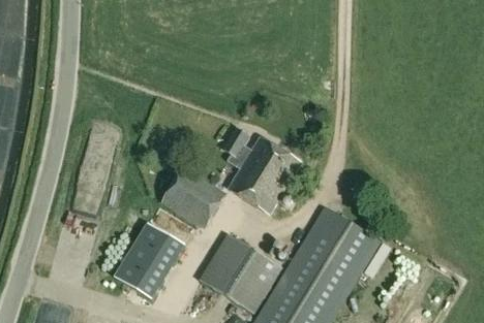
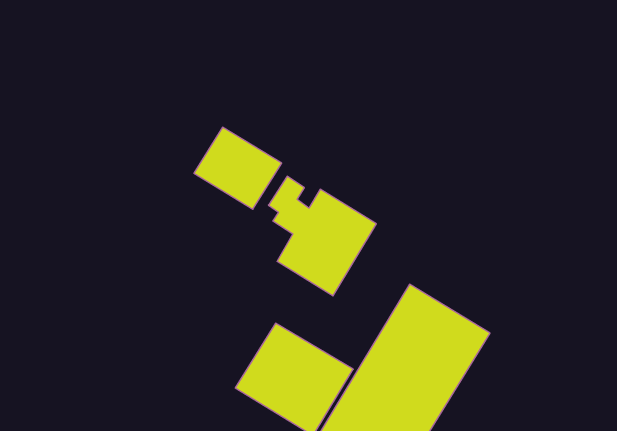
building: [162,168,225,227] -> [194,127,282,209]
building: [117,224,186,299] -> none

